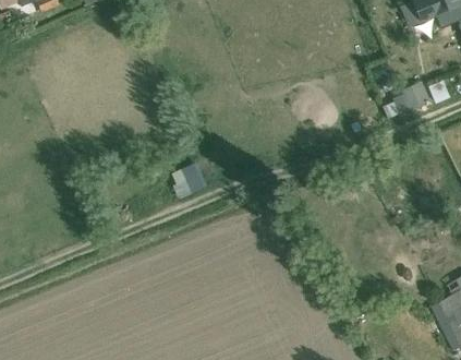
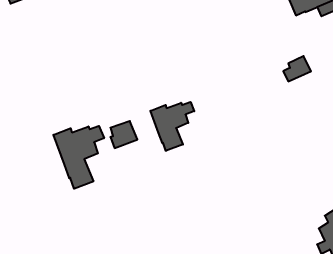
building: none -> [150,102,194,151]
building: none -> [53,126,104,189]

